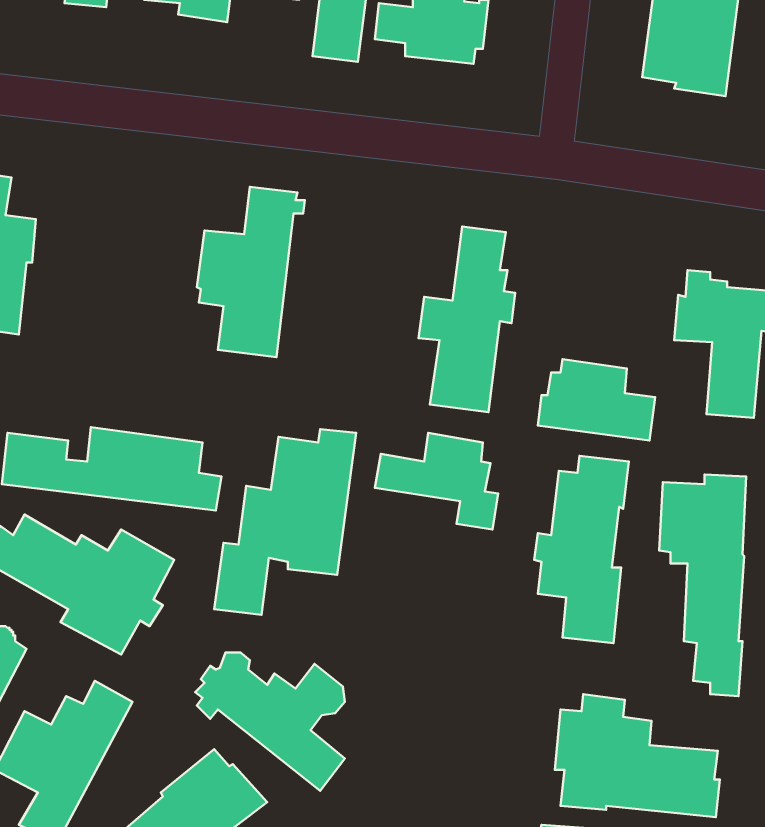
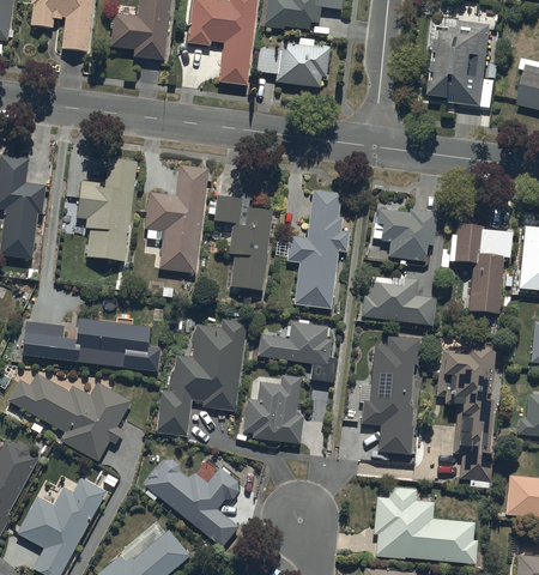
building: none -> [77,157,135,261]
building: none -> [208,194,271,289]
building: none -> [371,208,436,265]
building: none -> [244,376,303,443]

